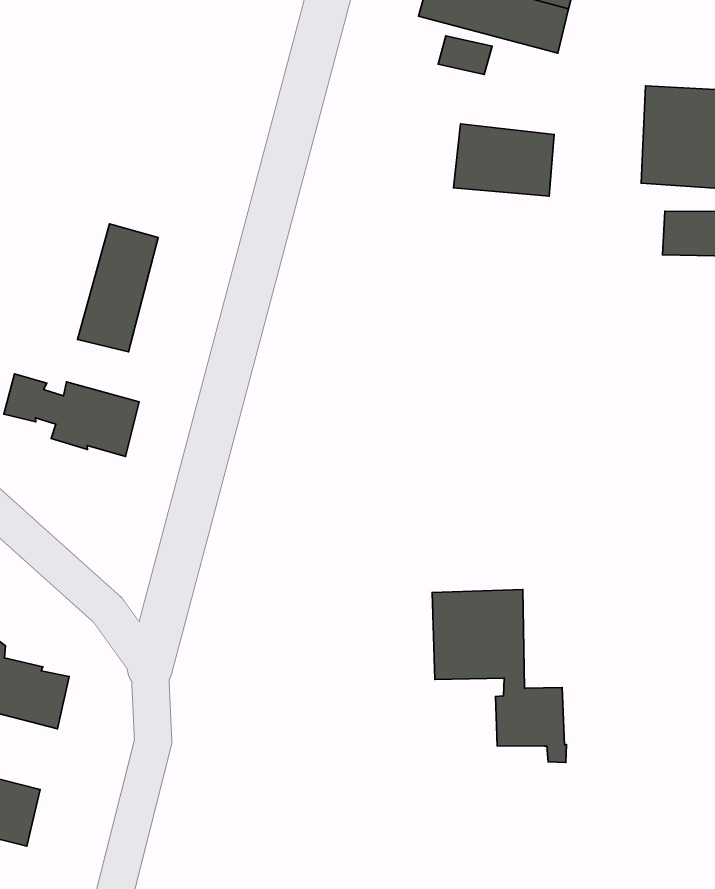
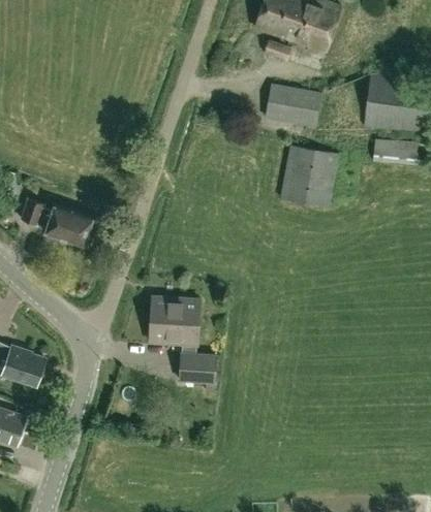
building: [78,224,158,352] -> none
building: none -> [281,146,337,207]
building: [432,589,566,762] -> [150,297,216,391]

